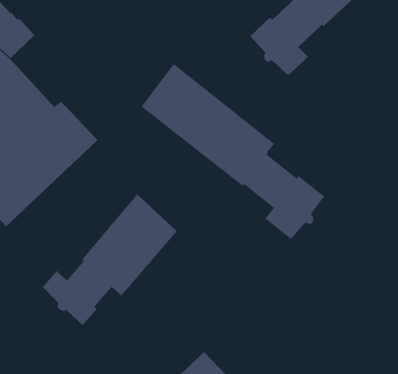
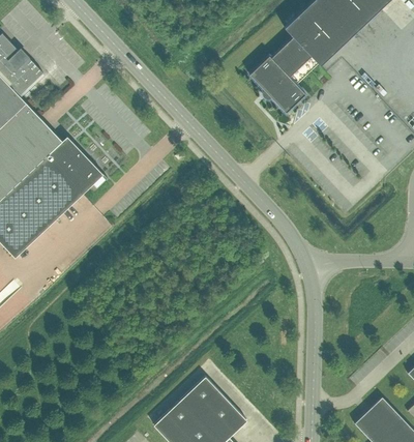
building: [141,63,325,240] -> none
building: [42,194,178,326] -> none

